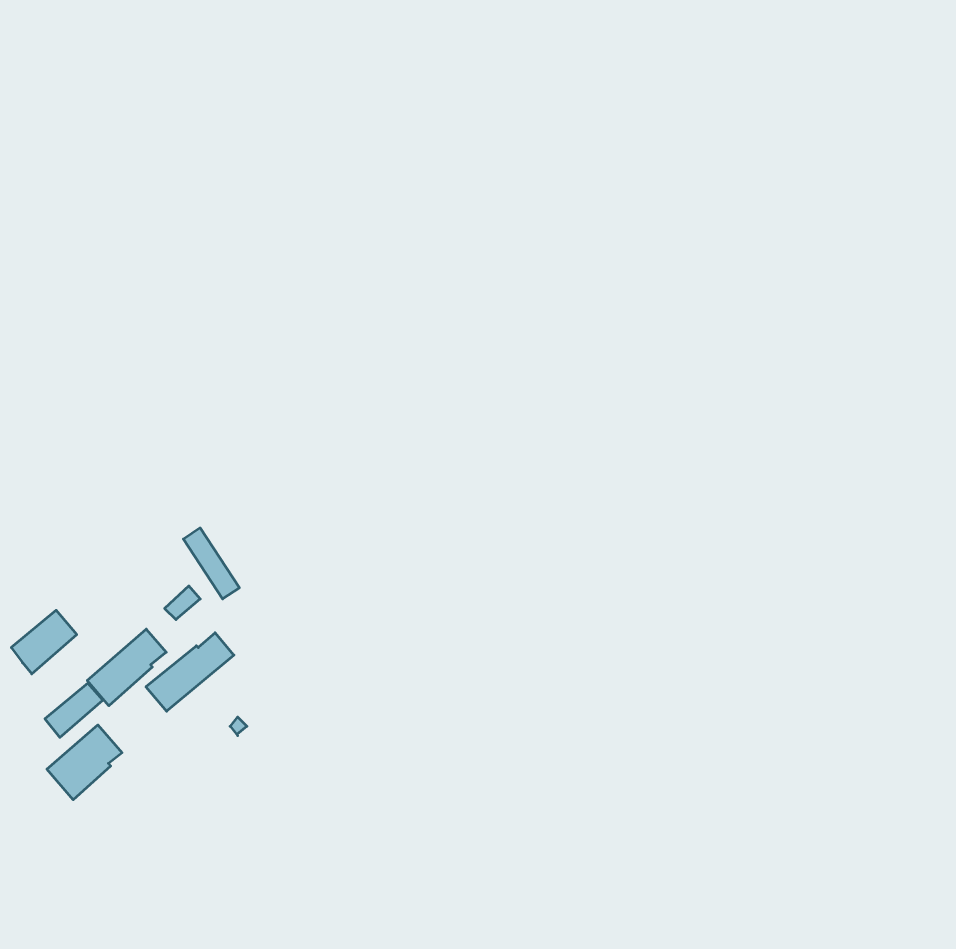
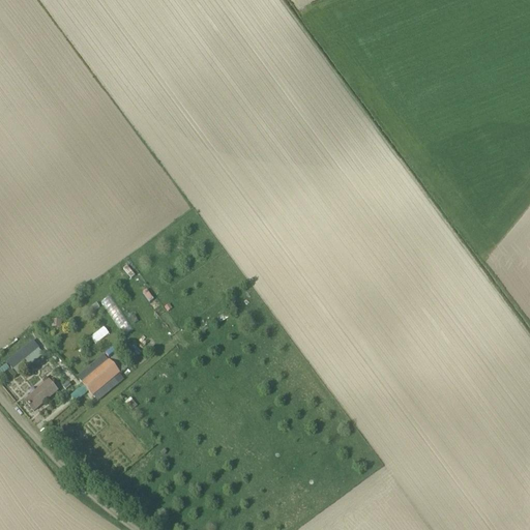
building: [87,629,166,706] -> none
building: [47,725,122,800] -> none

